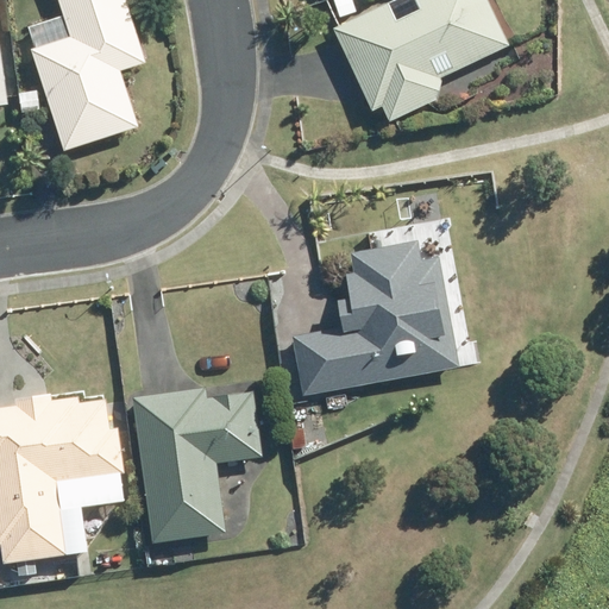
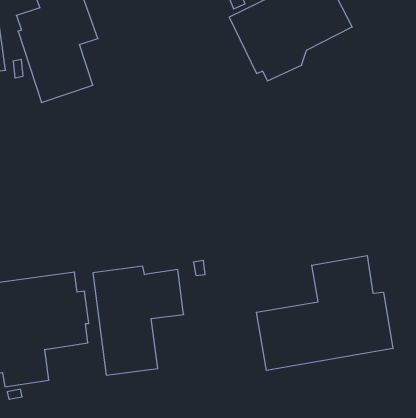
building: [293,240,460,393] -> none
building: none -> [256,256,393,370]

